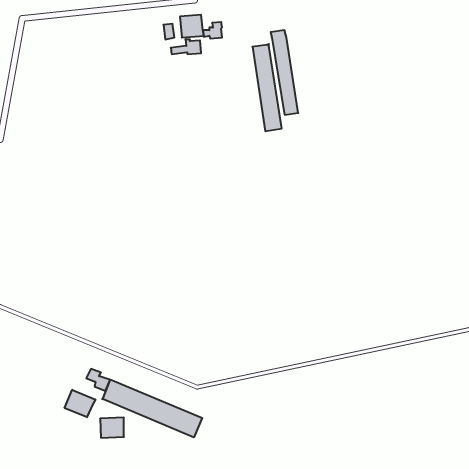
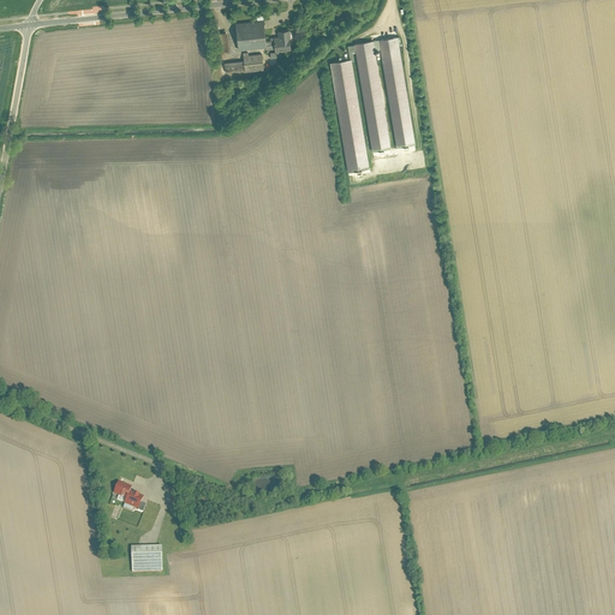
building: none -> [378,36,416,147]
building: [102,380,202,437] -> none
building: [65,390,95,417] -> none

